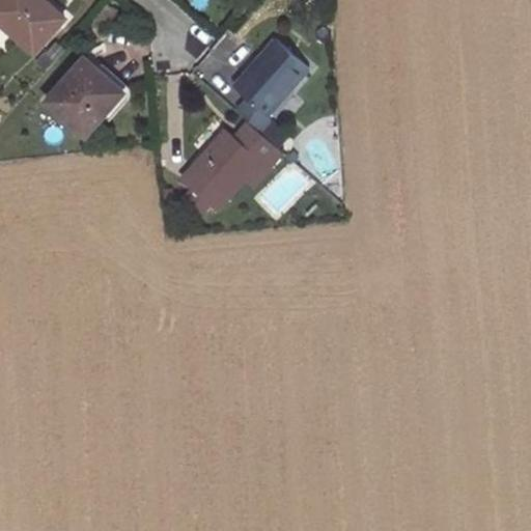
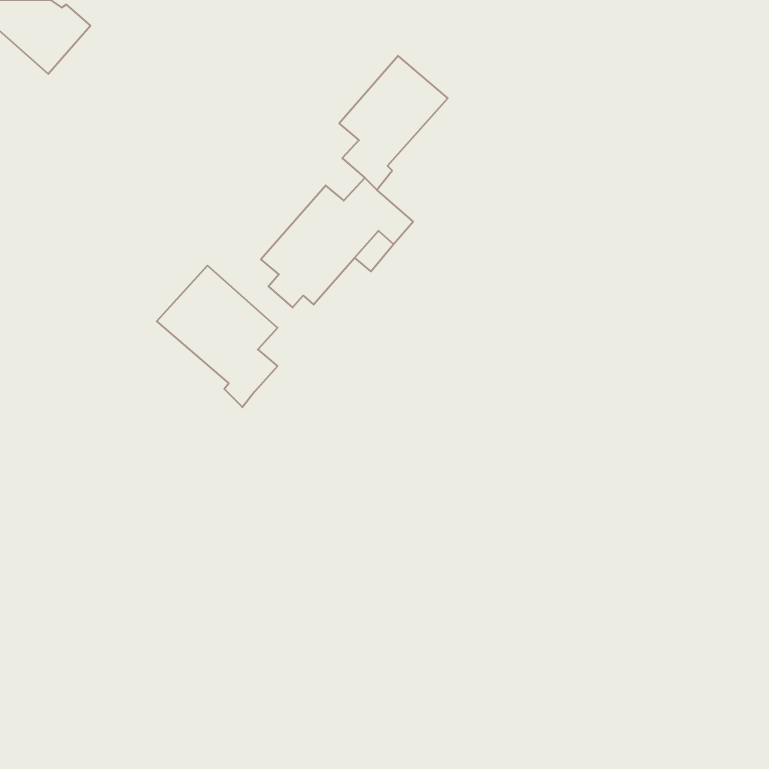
building: [46,58,124,136] -> none
building: none -> [157,266,278,407]

